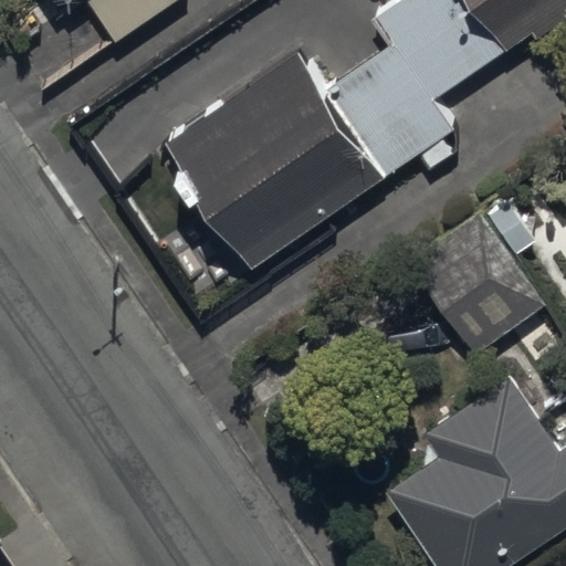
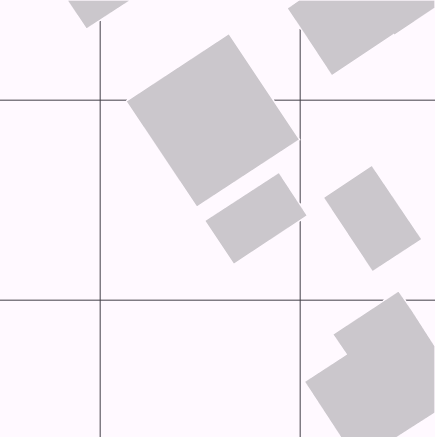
building: [322,44,451,182] -> none
building: none -> [204,172,308,265]

